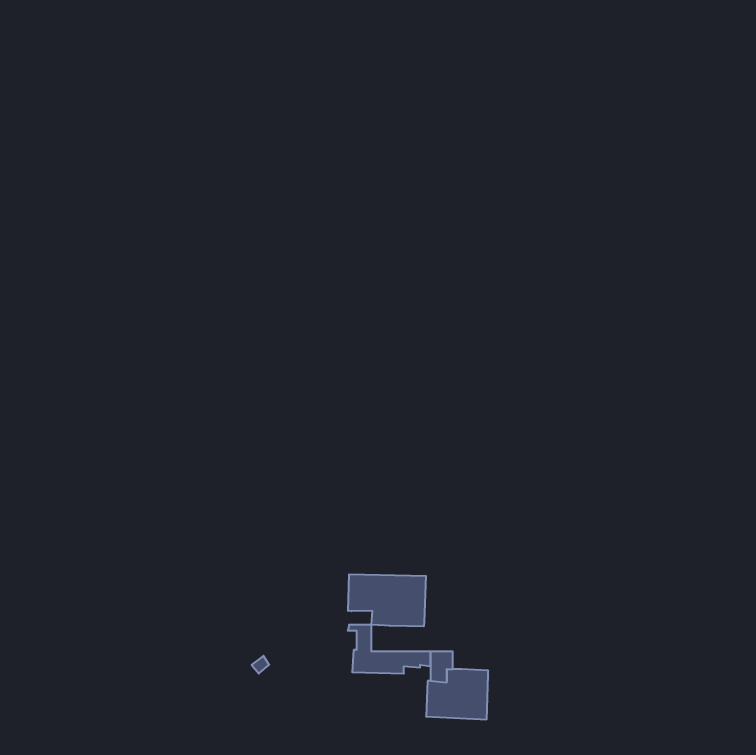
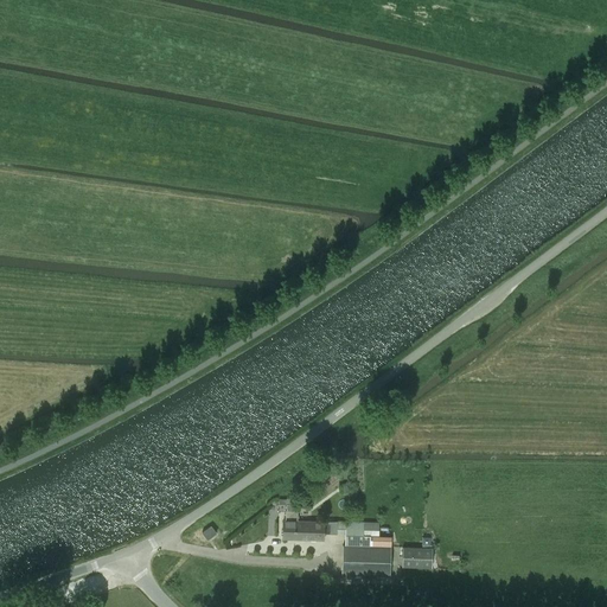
building: [348,574,426,626] -> none
building: none -> [402,548,433,568]

